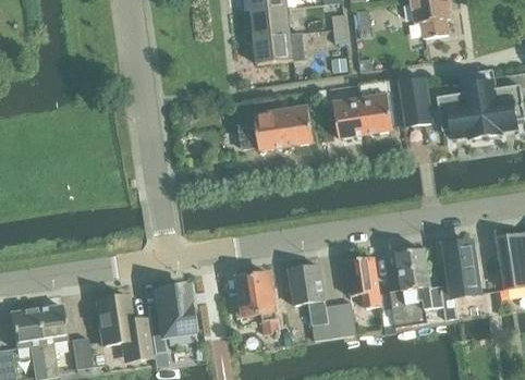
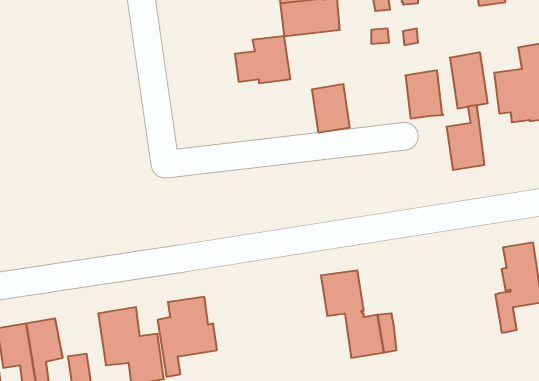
building: [332,83,365,138] -> [446,105,484,170]
building: [237,109,285,149] -> [235,36,290,83]
building: [388,249,441,327] -> none
building: [344,256,380,306] -> none
building: [235,274,279,335] -> none

